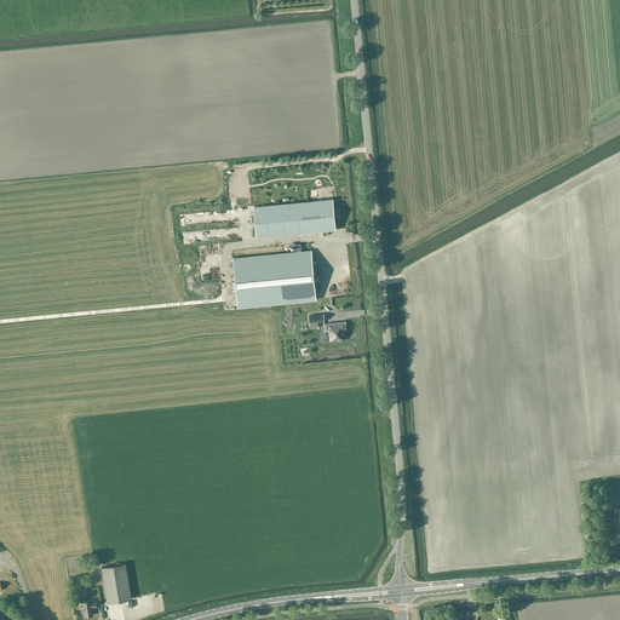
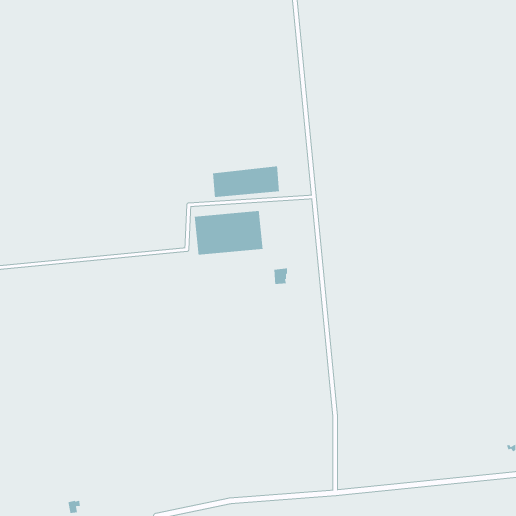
building: [101,563,131,603] -> none

